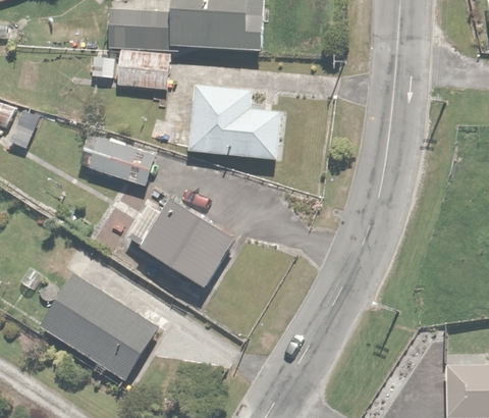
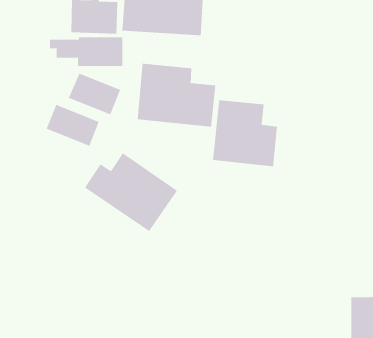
building: none -> [68,73,121,115]
building: none -> [213,99,278,167]
building: [38,270,172,386] -> none

